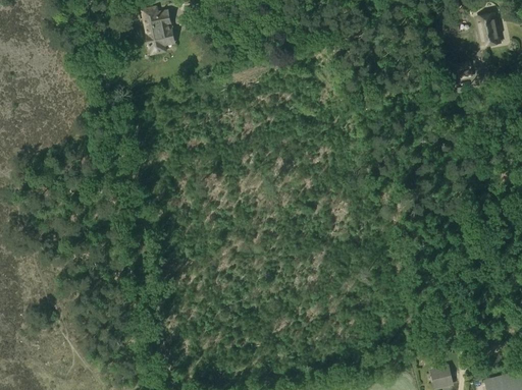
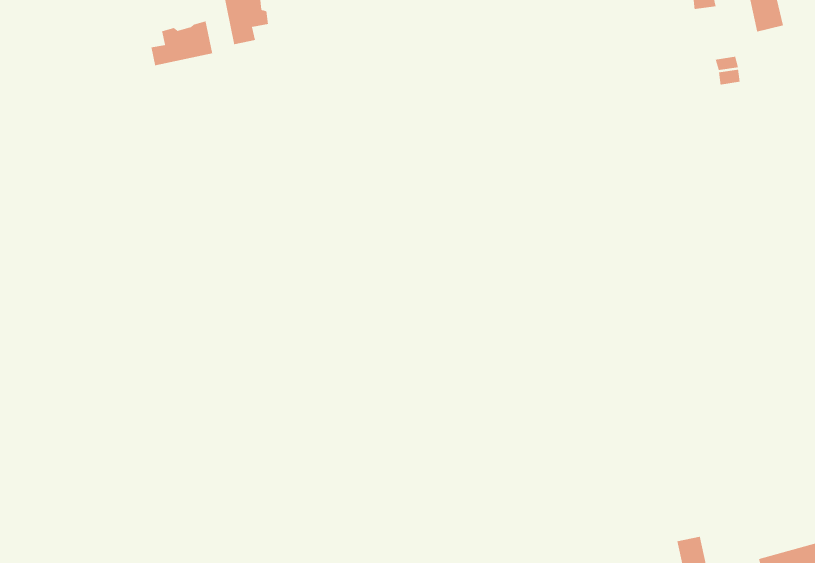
building: none -> [151,21,213,66]

